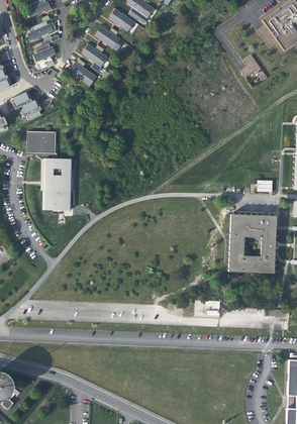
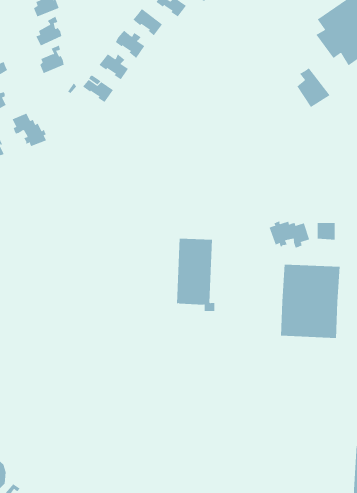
building: [26,131,55,152] -> none
building: [42,157,74,216] -> [176,238,215,311]
building: none -> [269,220,310,248]

